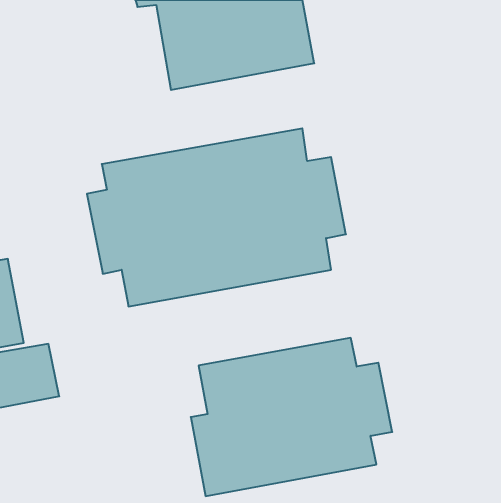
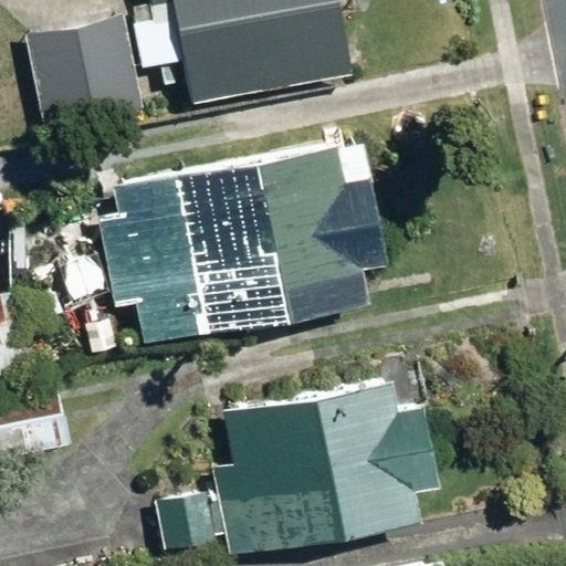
building: none -> [27,18,139,126]

